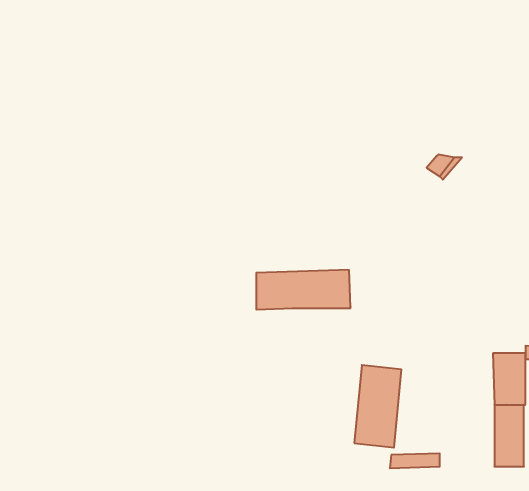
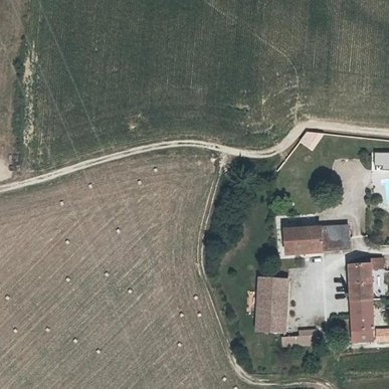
building: [256,270,351,310] -> [287,225,352,252]

